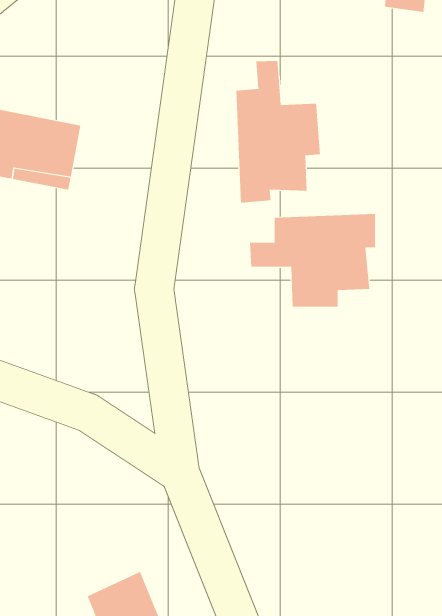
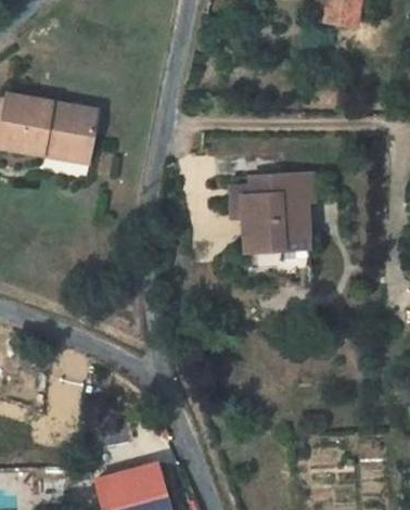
building: [236,60,320,204] -> none

